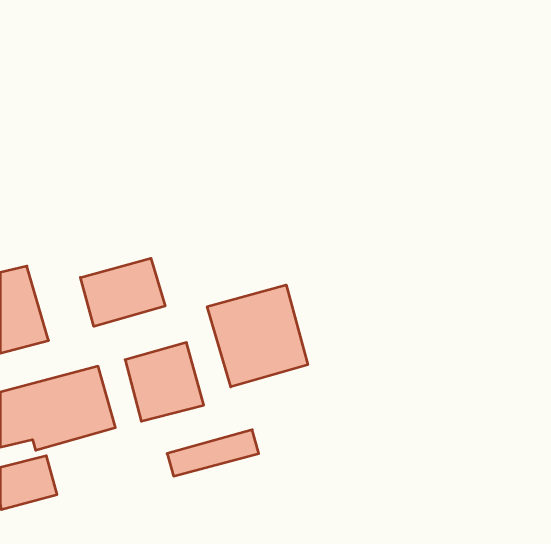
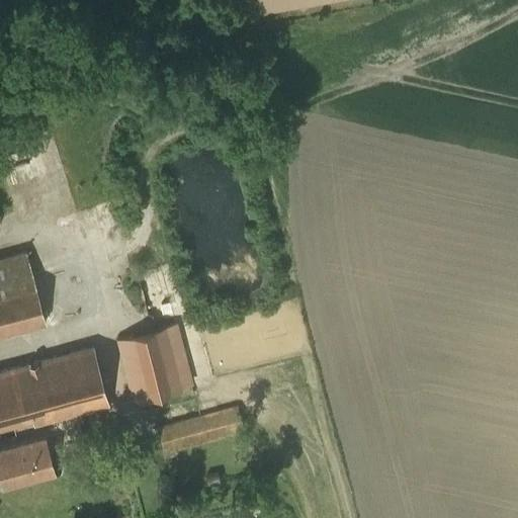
building: [80,258,165,326] -> none
building: [207,285,308,387] -> none

